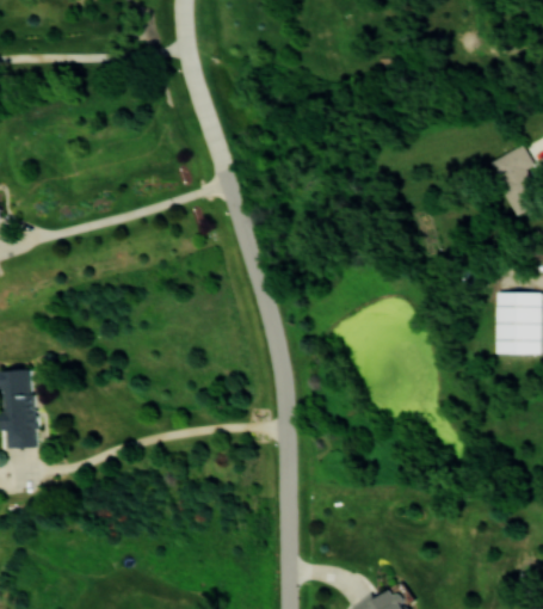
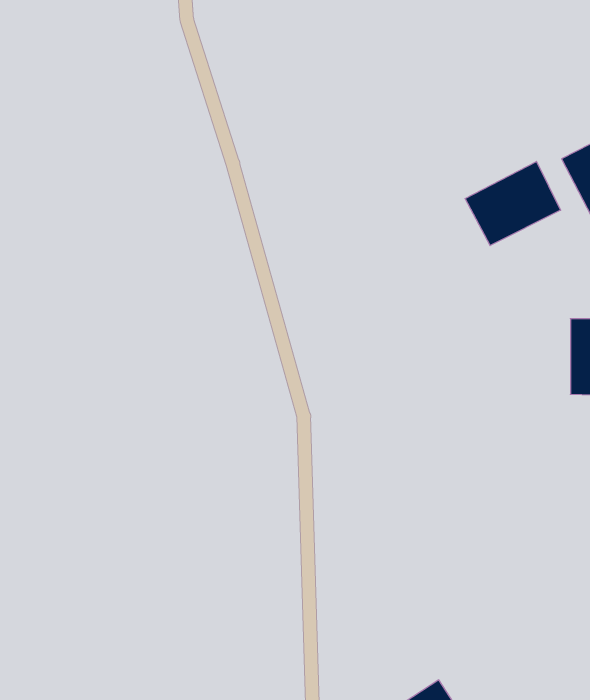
building: none -> [465,161,561,246]

